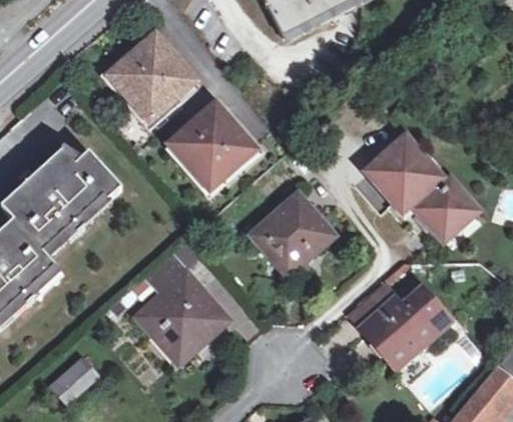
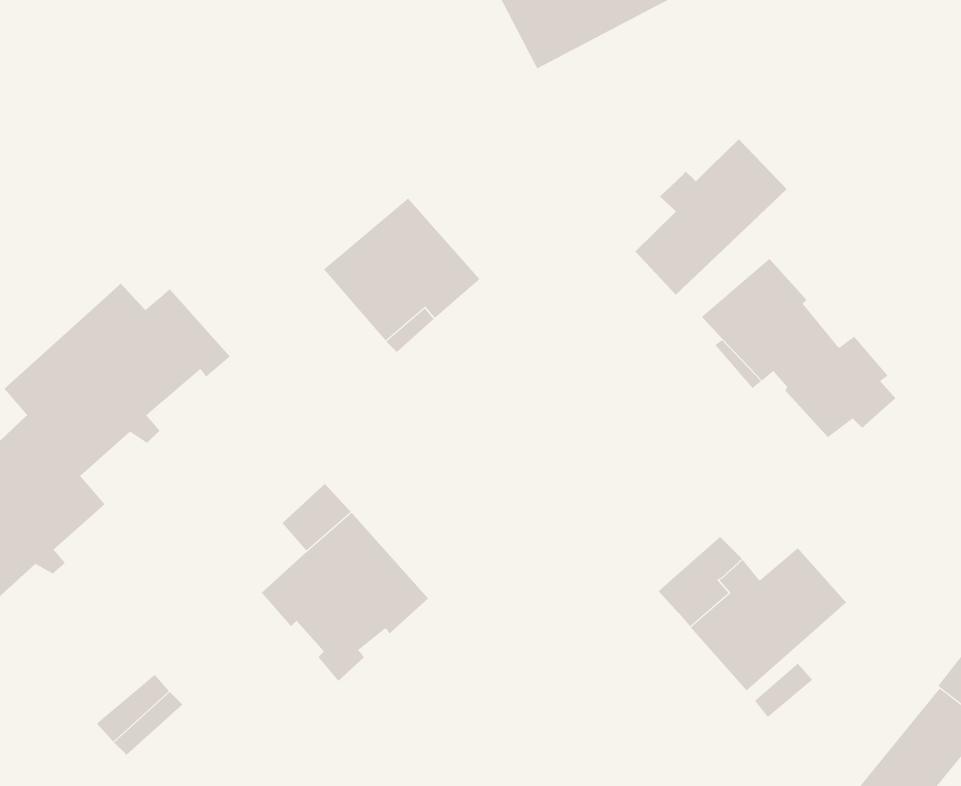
building: [111,38,194,122] -> none
building: none -> [635,138,787,295]
building: [251,196,335,276] -> none

